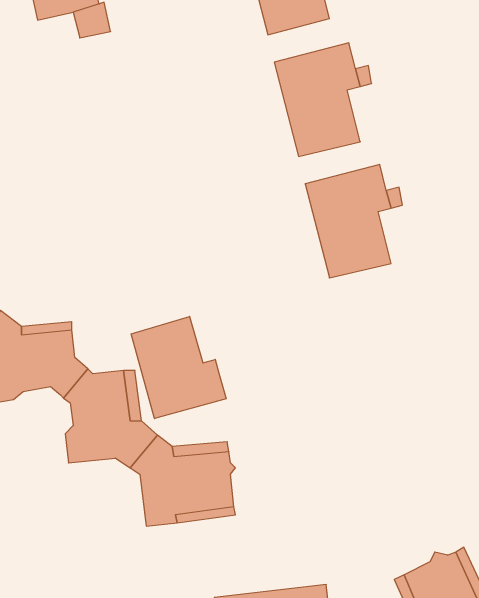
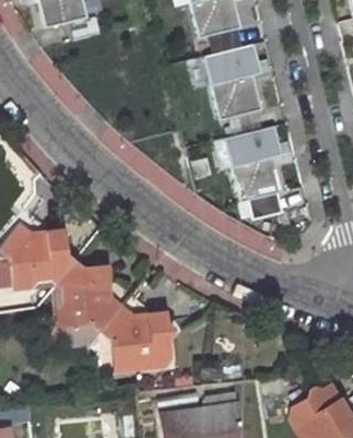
building: [131,316,226,419] -> none

